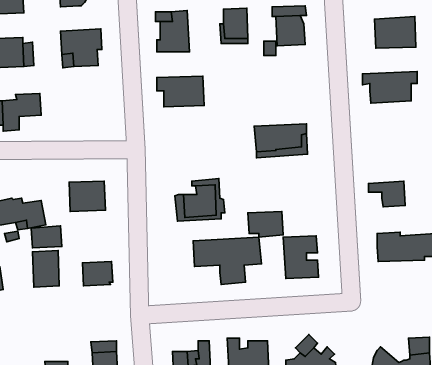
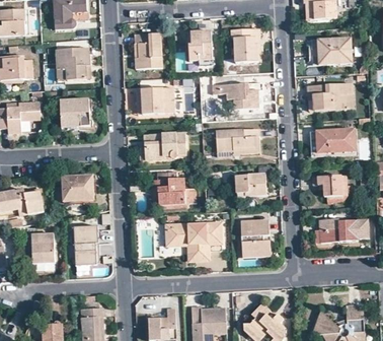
building: none -> [212,83,258,109]
building: none -> [60,98,89,128]
building: none -> [314,128,355,152]
building: none -> [144,132,185,159]
building: [248,212,283,237] -> [235,174,264,195]
building: [31,226,62,248] -> [72,224,97,243]

